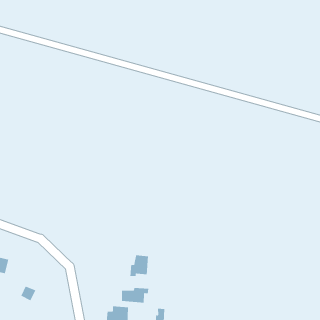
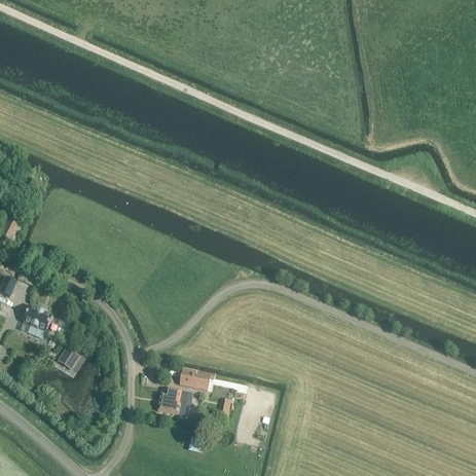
building: [130,254,149,277] -> none

